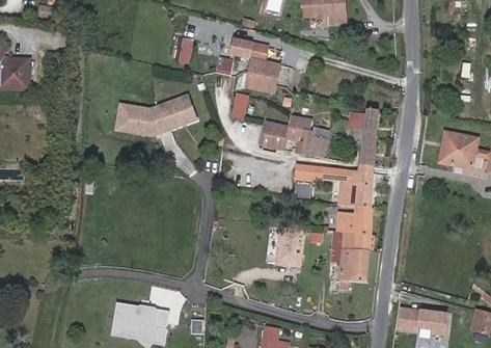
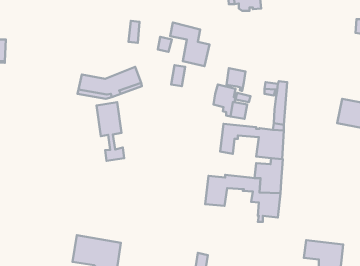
building: [264,123,288,151] -> [226,68,246,91]
building: none -> [97,102,124,161]

